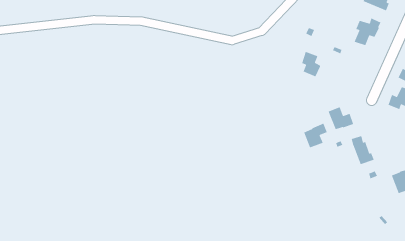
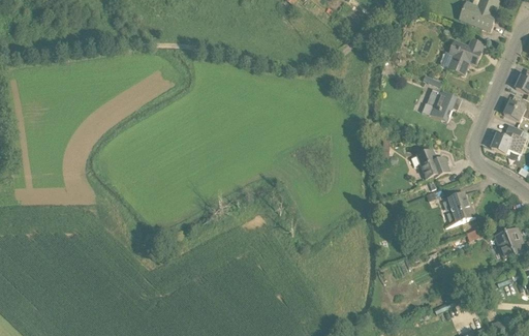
building: [301,51,321,78] -> [427,88,452,121]
building: [303,123,328,149] -> none

